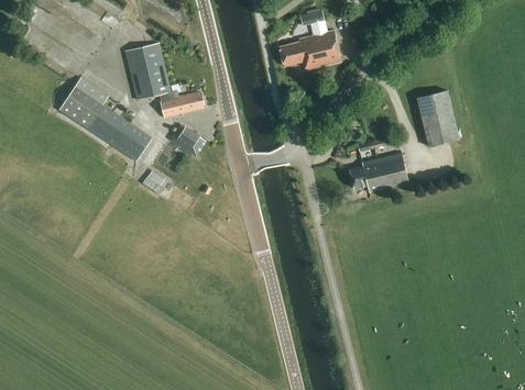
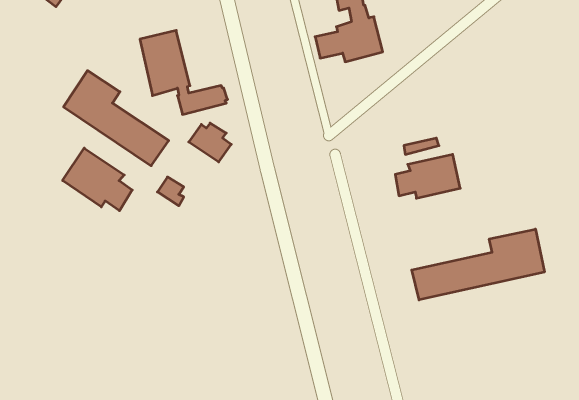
building: [417,90,459,145] -> none
building: none -> [63,148,132,211]
building: none -> [412,229,544,300]

